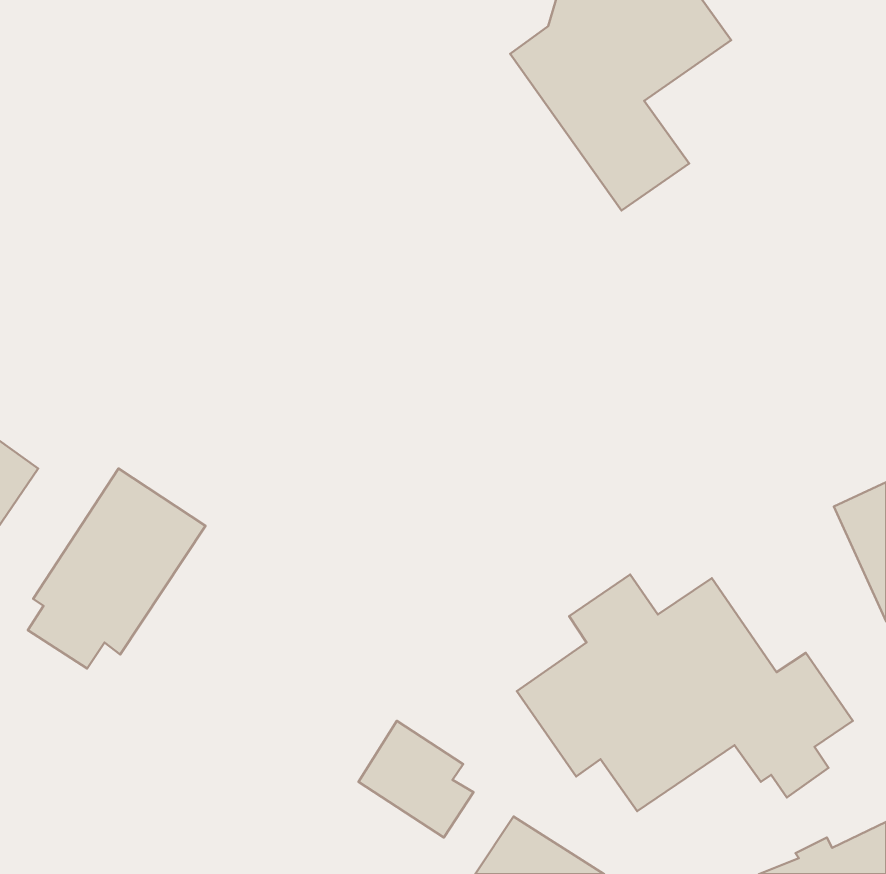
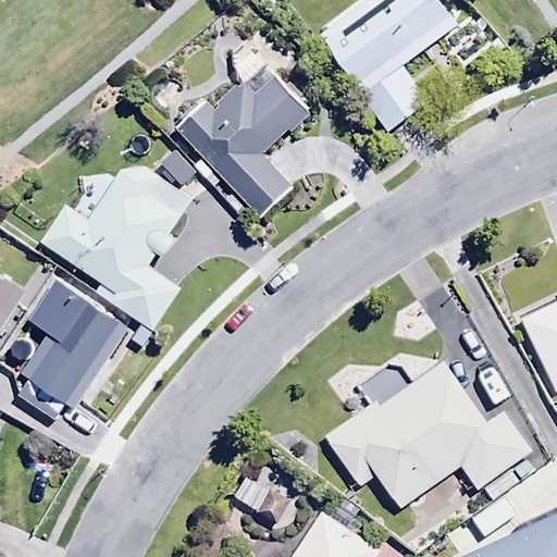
building: none -> [175,75,307,218]
building: none -> [40,166,191,332]

